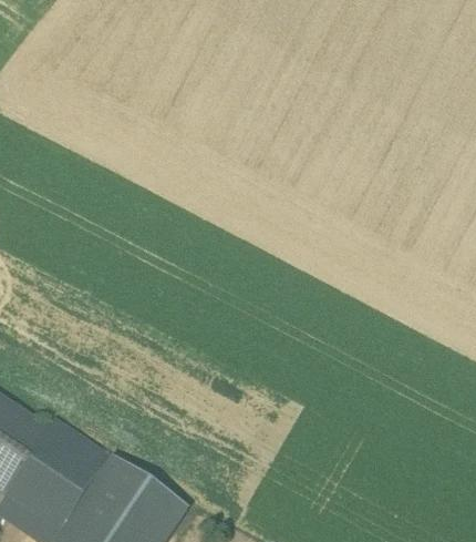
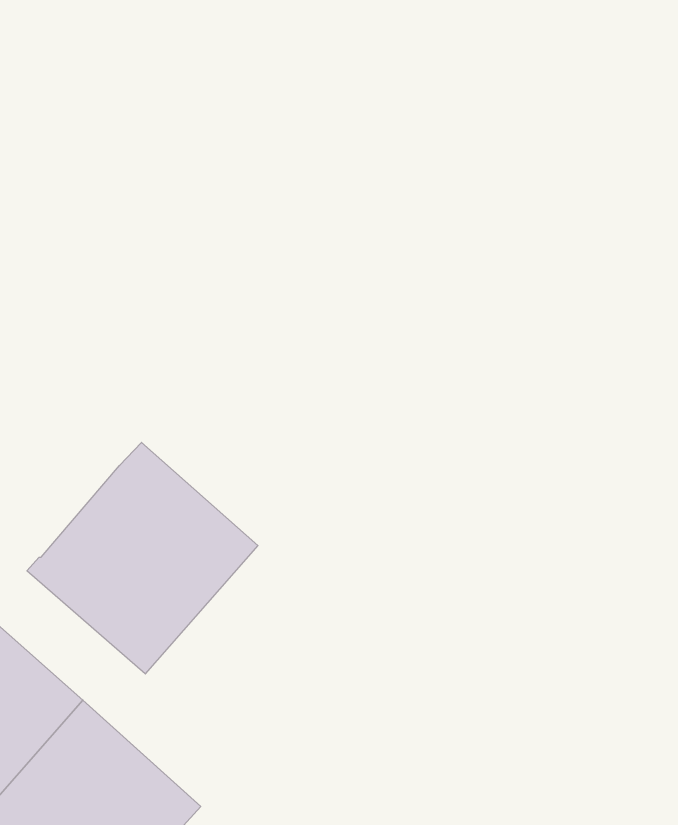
building: none -> [27,442,258,674]

